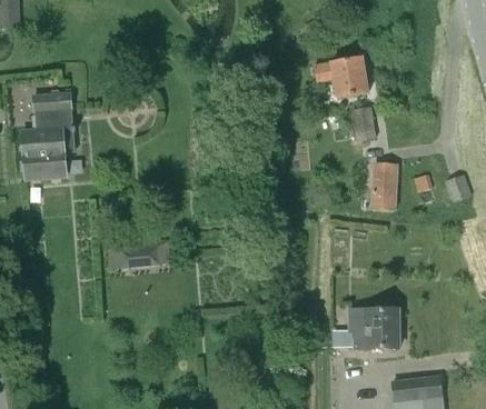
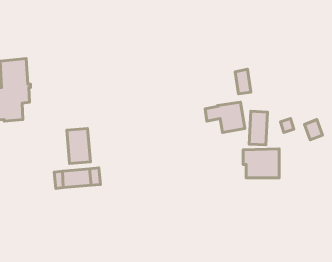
building: [314,56,367,97] -> [205,102,245,133]
building: none -> [67,128,90,164]
building: [349,308,398,347] -> [243,149,279,178]

